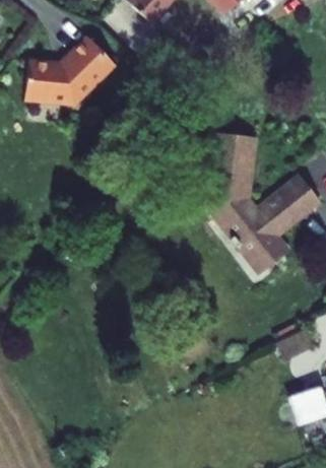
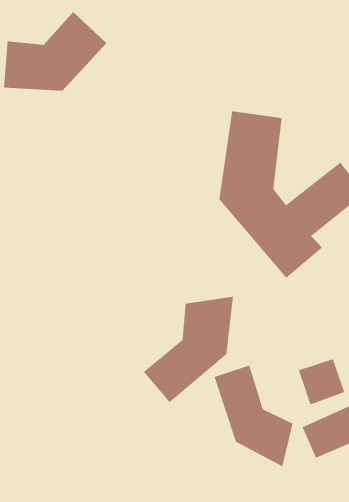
building: none -> [143,296,234,403]
building: none -> [214,365,294,468]

